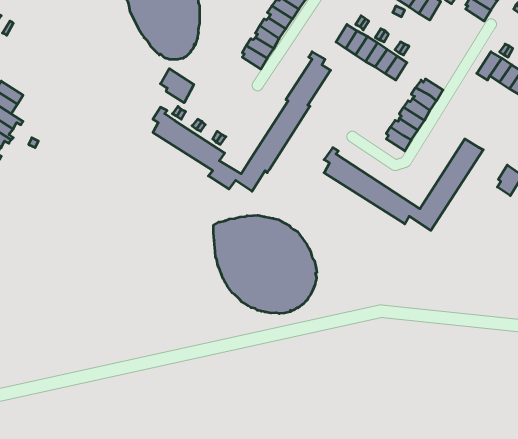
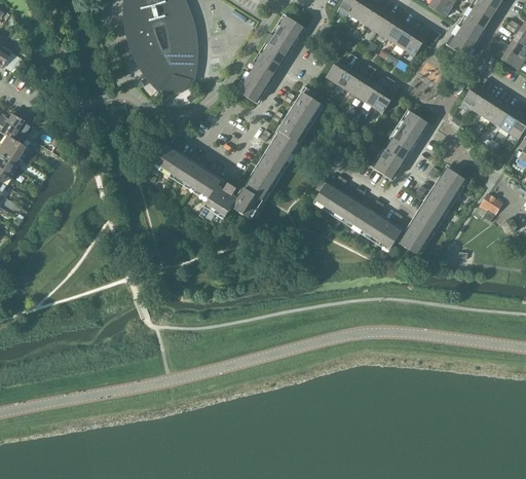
building: [160,69,194,103] -> none
building: [213,215,317,314] -> none

